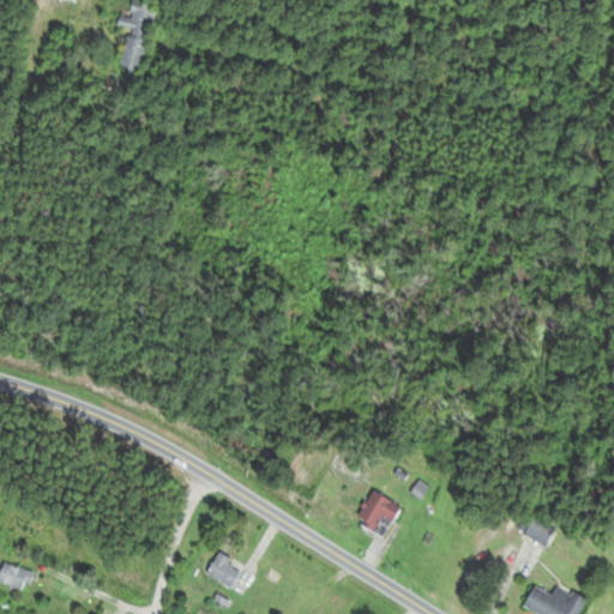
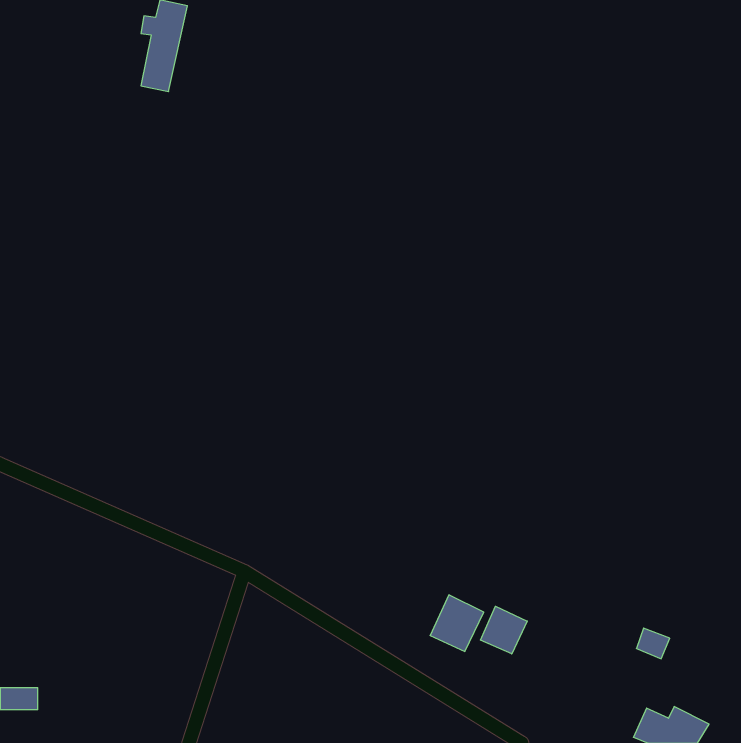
building: none -> [481,606,527,654]
building: [205,553,242,589] -> none

